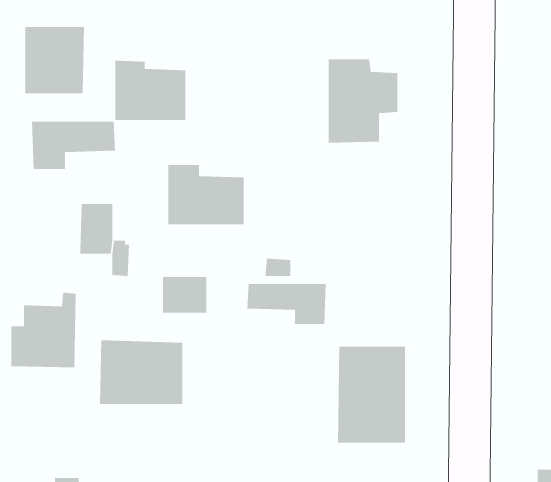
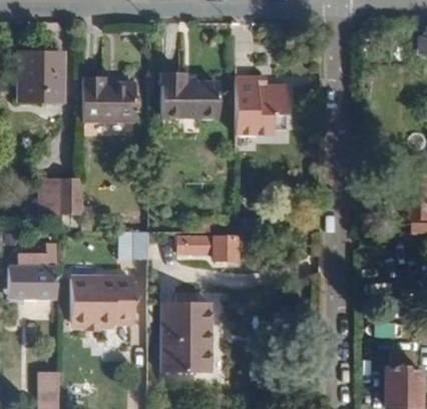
building: [32,121,116,170] -> none
building: [167,165,245,225] -> [162,74,218,117]
building: [337,346,406,443] -> [160,304,209,373]

